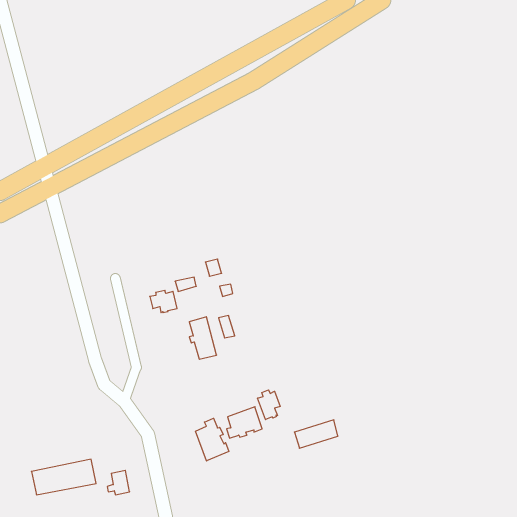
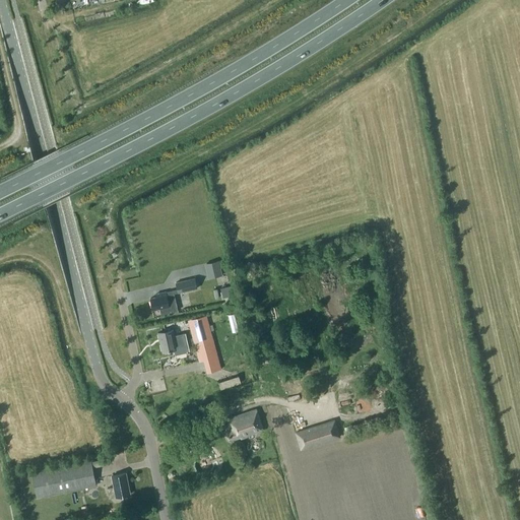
building: none -> [158,329,189,354]
building: [258,390,280,420] -> none
building: [196,418,229,461] -> none

